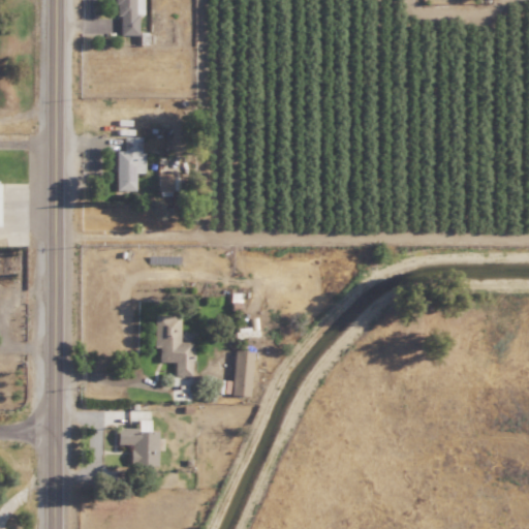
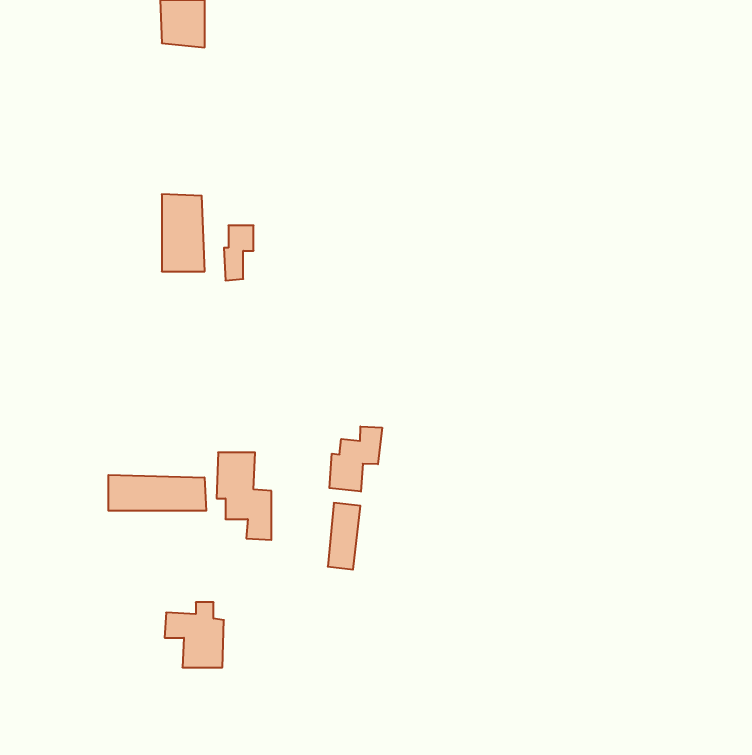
building: none -> [329,426,382,492]
building: none -> [108,475,206,511]

